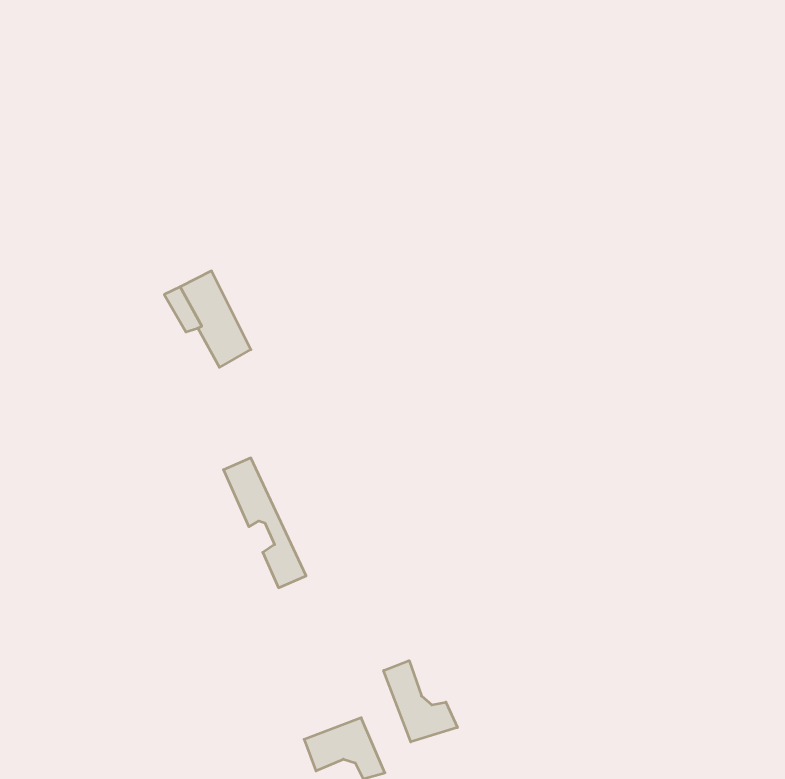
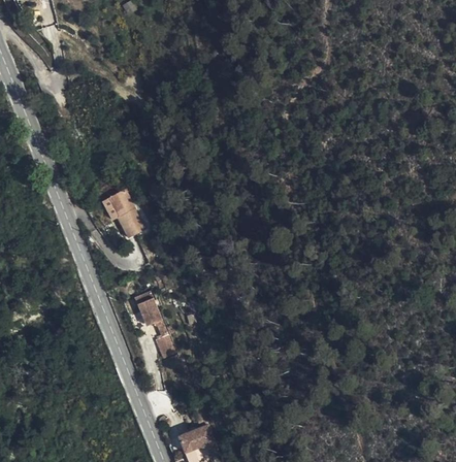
building: [384,661,457,742] -> none

